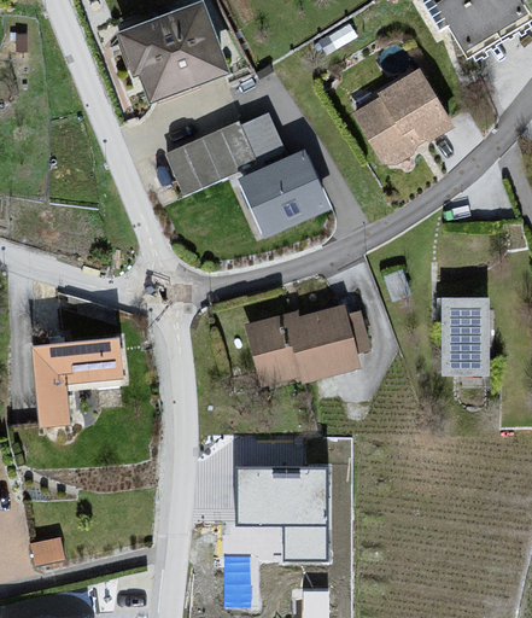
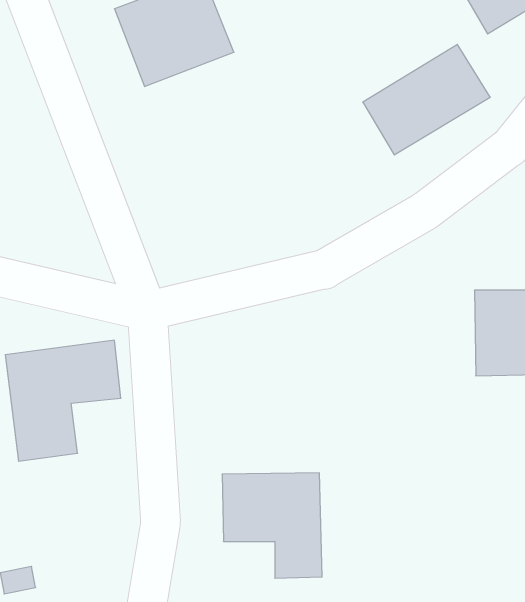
building: [166,109,328,244] -> none
building: [247,307,353,383] -> none

